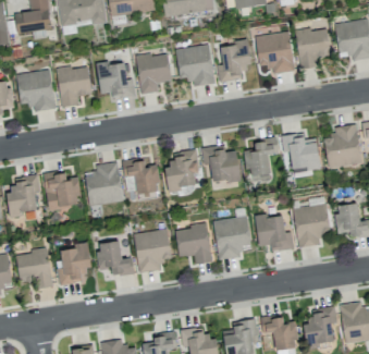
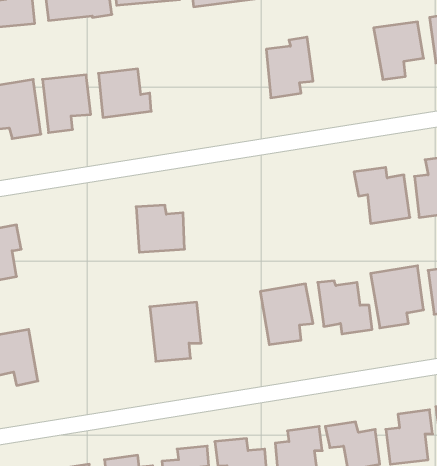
building: [256,32,294,73] -> none
building: [175,44,216,86] -> none
building: [135,52,172,94] -> none
building: [246,137,278,175] -> none
building: [202,145,241,183] -> none
building: [165,149,199,188] -> none
building: [85,161,123,206] -> none
building: [44,170,82,209] -> none
building: [175,222,211,264] -> none
building: [97,241,133,276] -> none
building: [58,244,91,284] -> none

